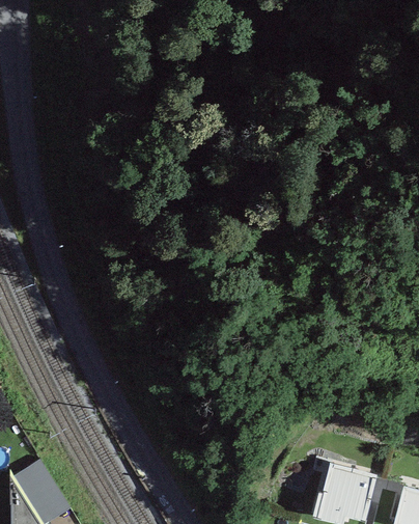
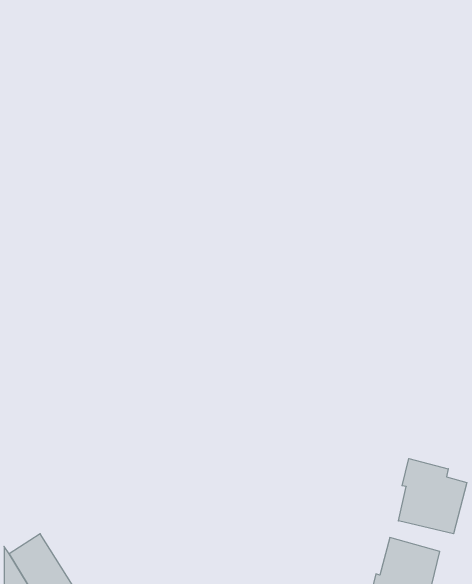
building: none -> [398,459,467,534]

